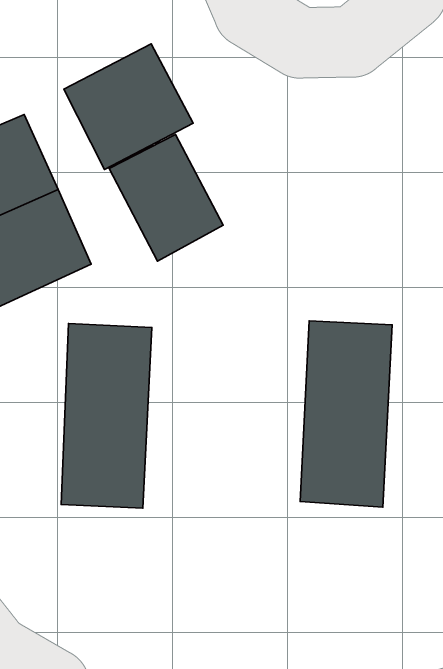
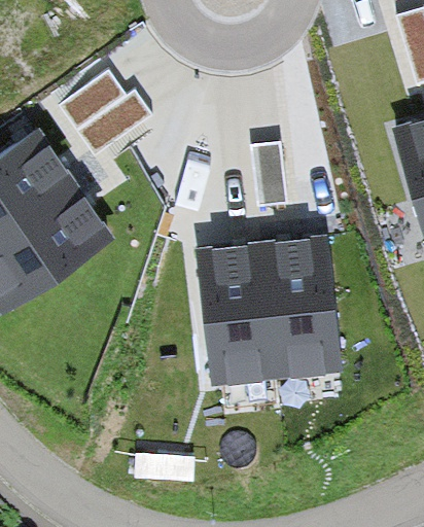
building: [109,135,223,261] -> none
building: [61,323,152,508] -> [206,245,280,380]

